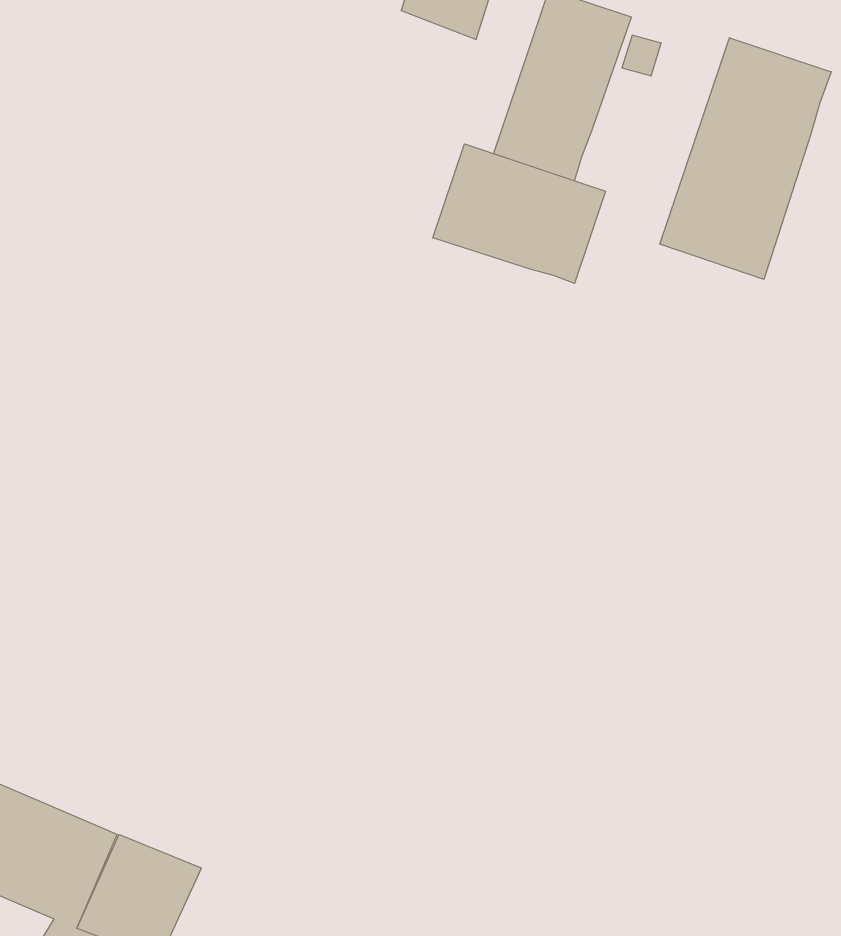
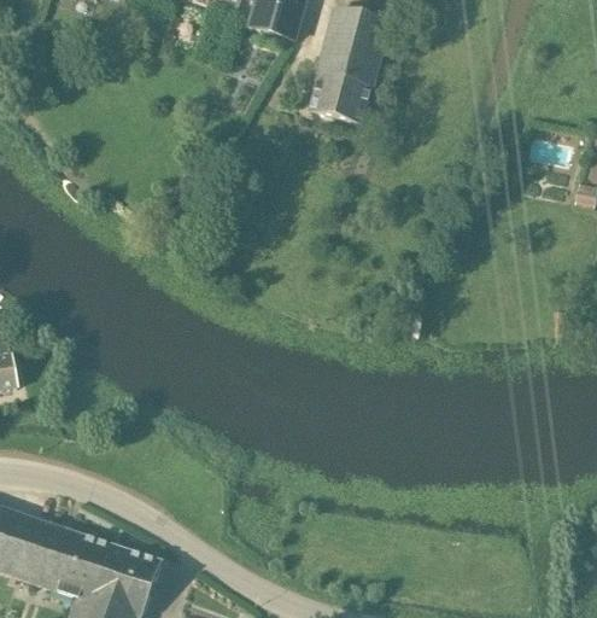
building: [660,38,831,279] -> none
building: [433,144,605,283] -> none

